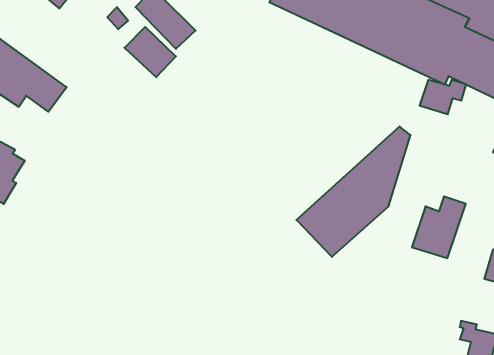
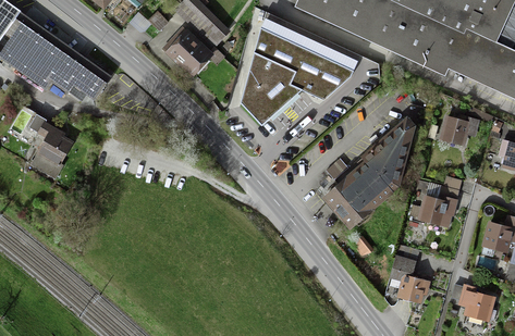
building: none -> [240,26,352,123]
building: [420,80,466,114] -> [440,116,481,147]
building: none -> [390,257,424,299]

